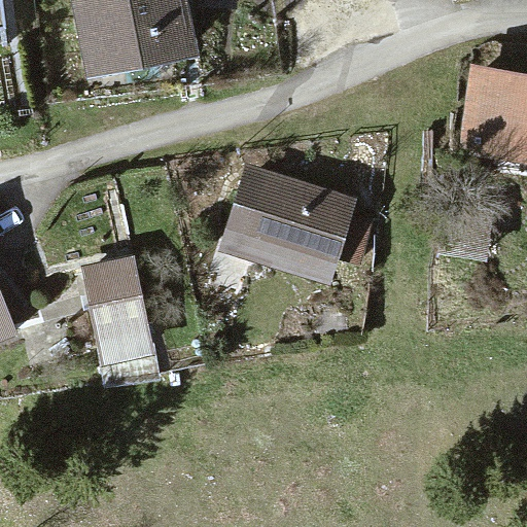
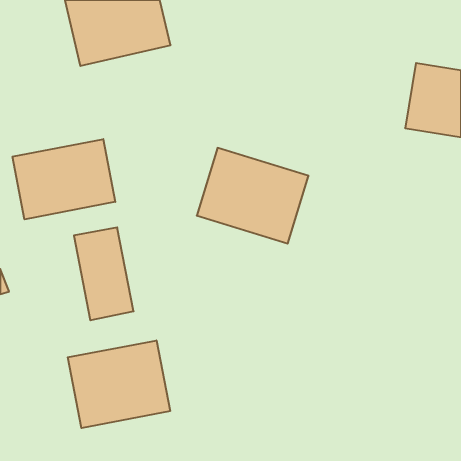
building: none -> [13,139,115,219]
building: none -> [68,340,170,428]

